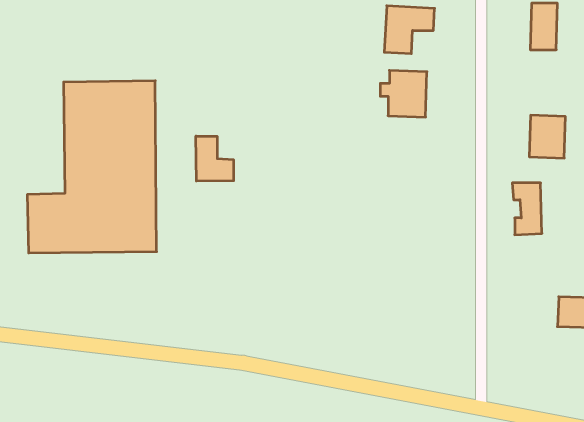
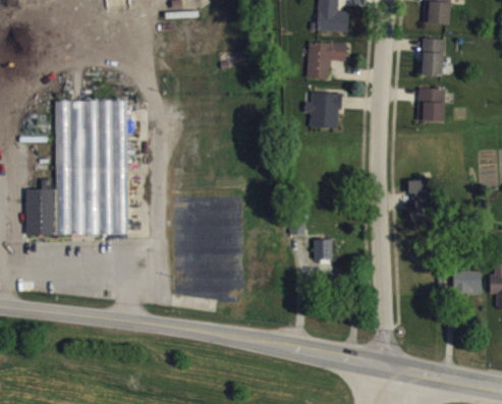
building: [529,115,565,158] -> [417,88,446,121]
building: [196,136,234,181] -> none
building: none -> [314,239,332,259]

